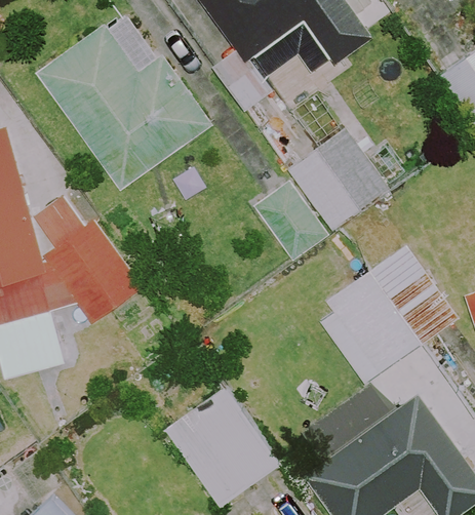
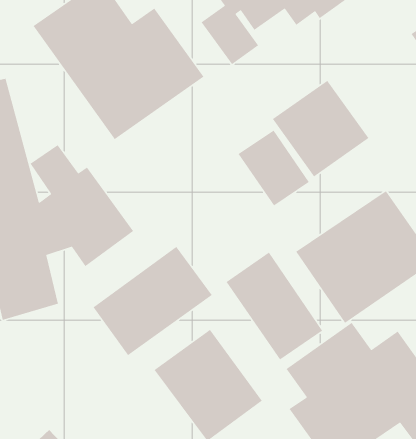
building: none -> [93,246,213,356]
building: none -> [226,251,323,360]

